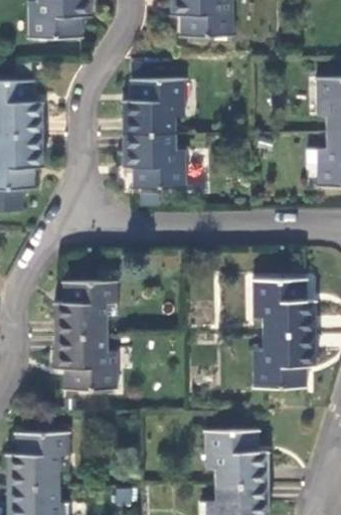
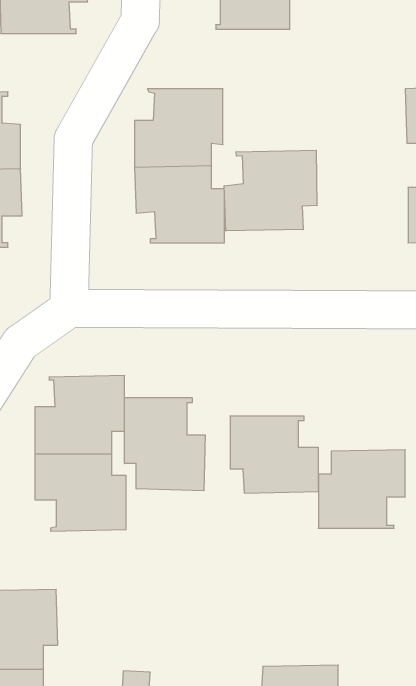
building: none -> [224,150,317,231]
building: [252,279,315,333] -> [230,416,318,493]
building: none -> [125,398,205,491]
building: [204,430,268,485] -> none

